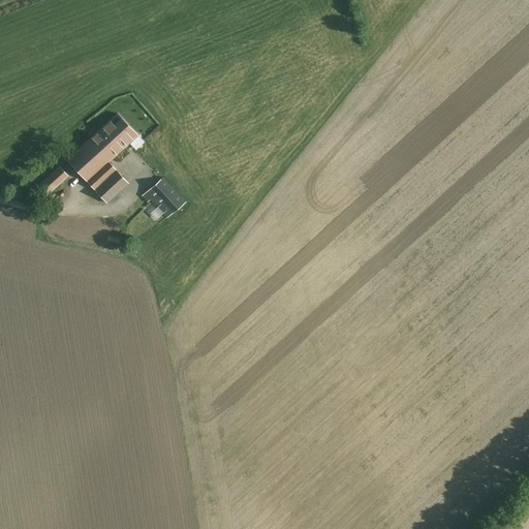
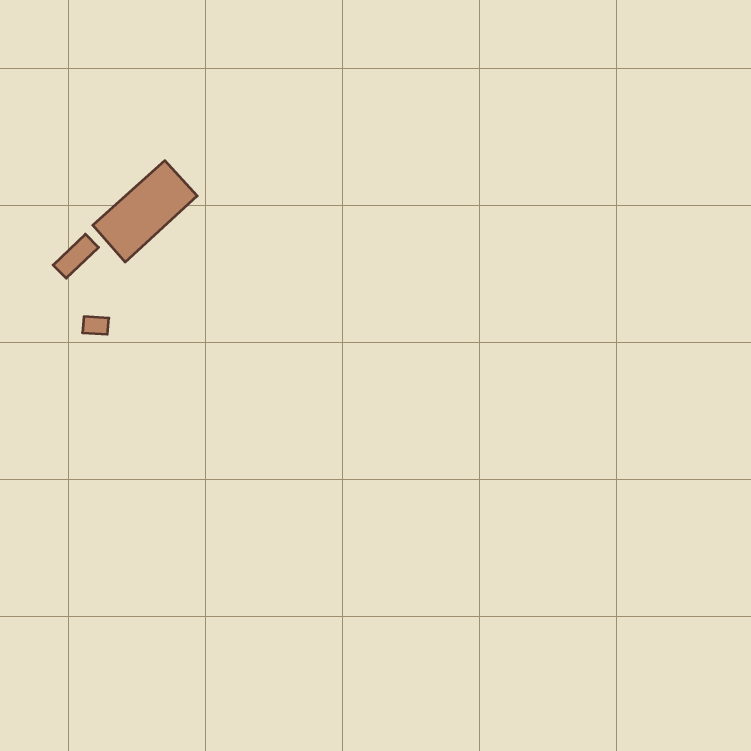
building: [93,169,128,205] -> none
building: [141,177,184,217] -> none

